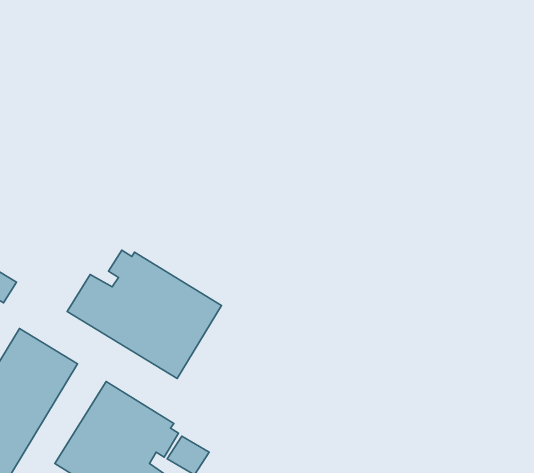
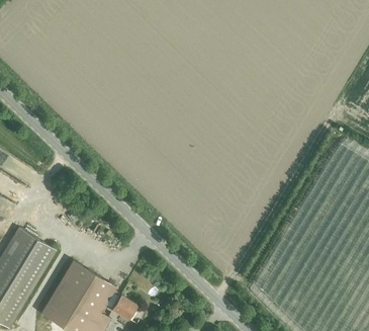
building: [67,250,221,379] -> none

